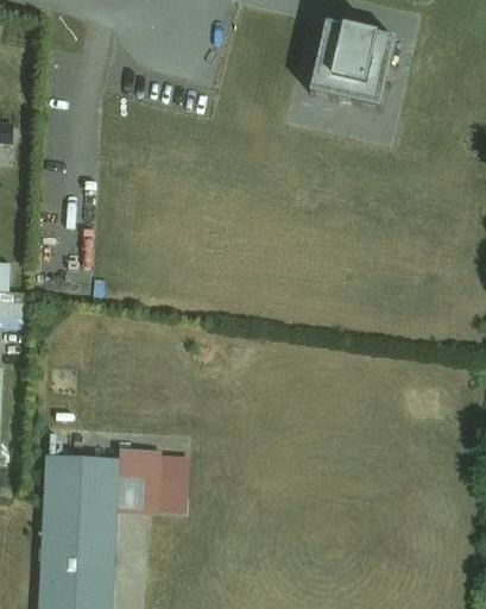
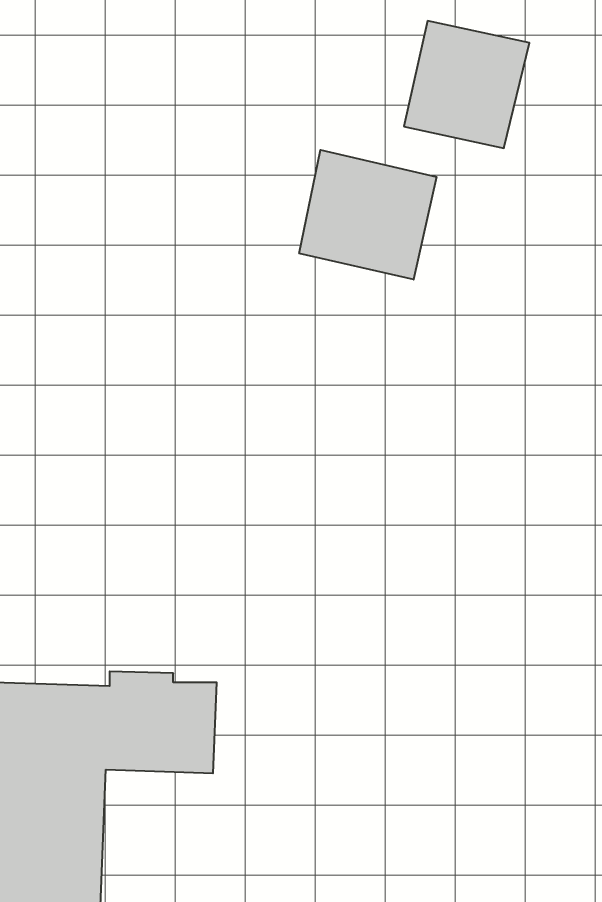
building: none -> [299,150,437,280]

